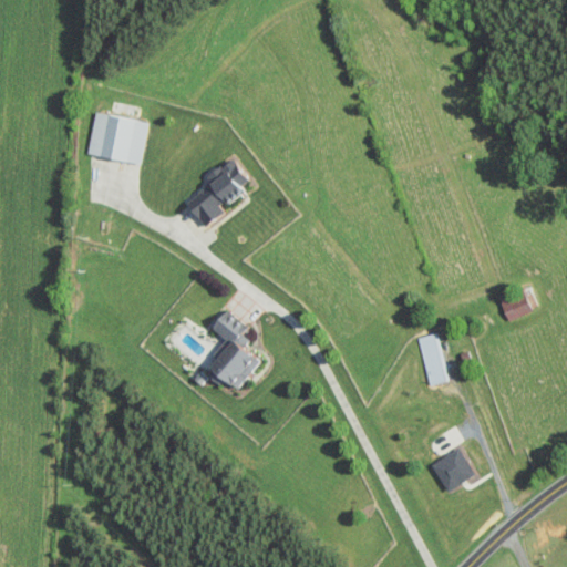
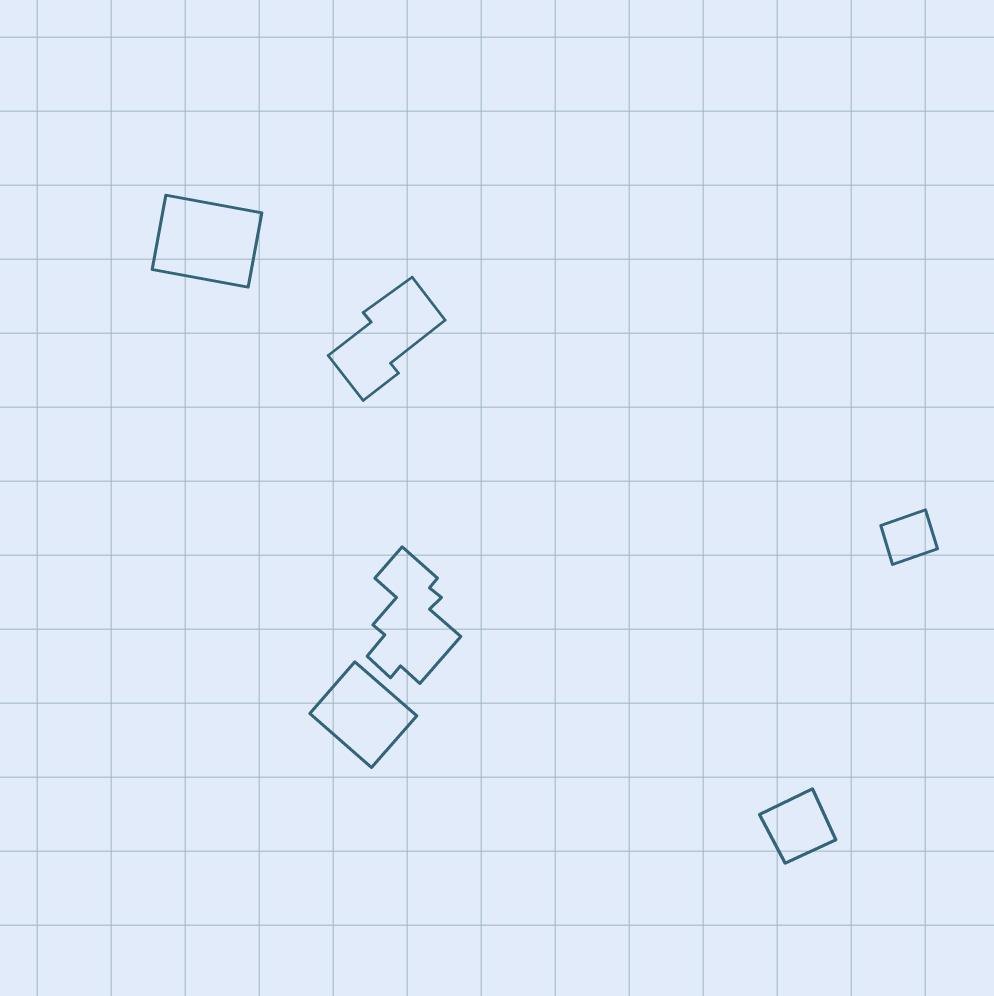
building: [415,333,447,386] -> none
building: none -> [310,662,417,768]

